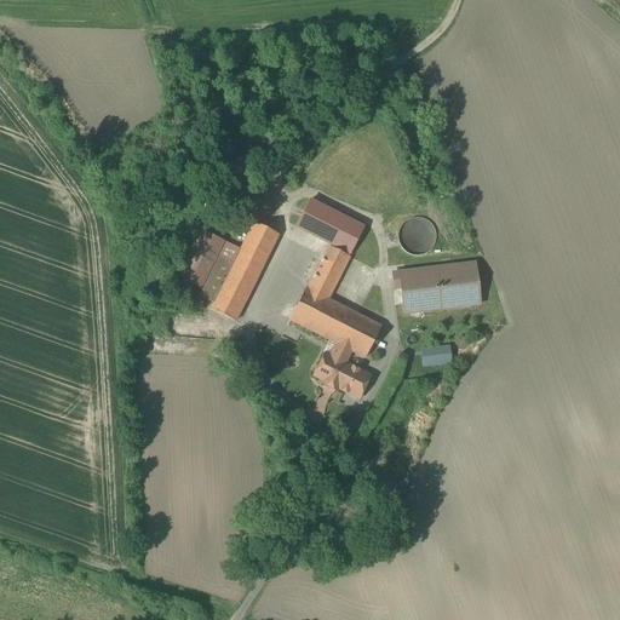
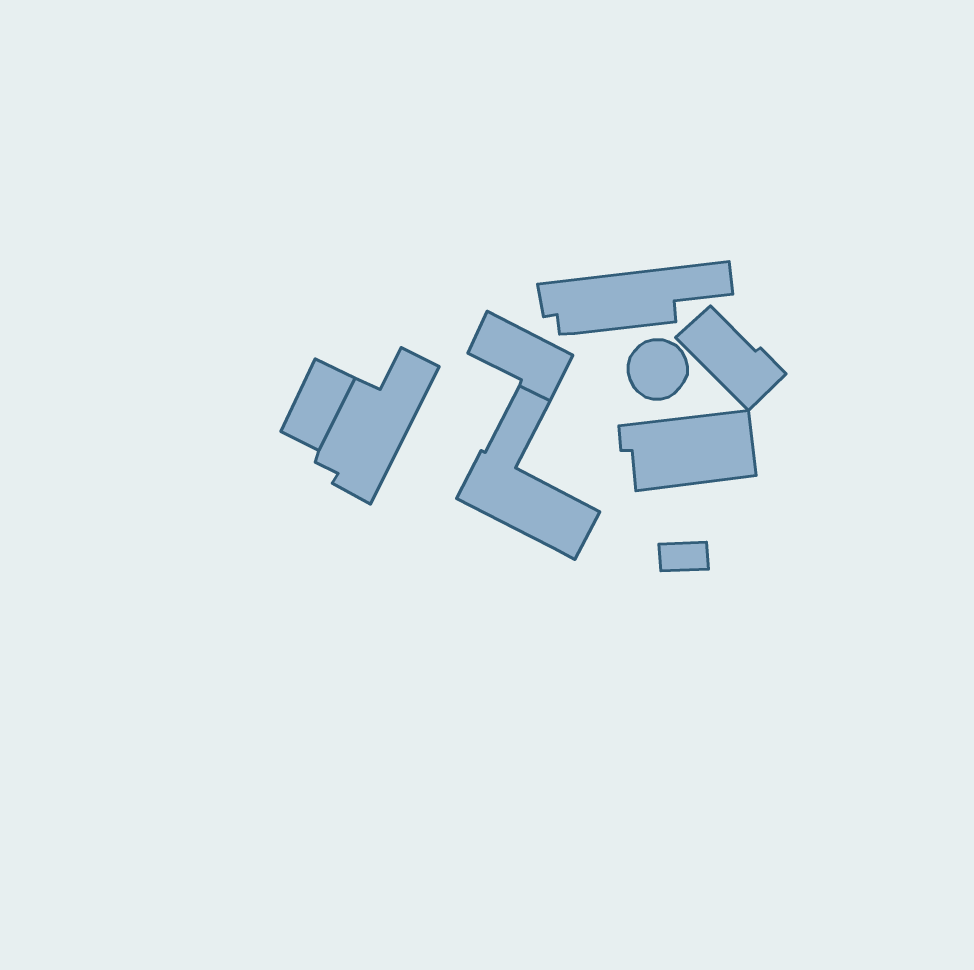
building: none -> [538,262,733,334]
building: none -> [676,306,786,411]
building: [315,340,371,395] -> none

